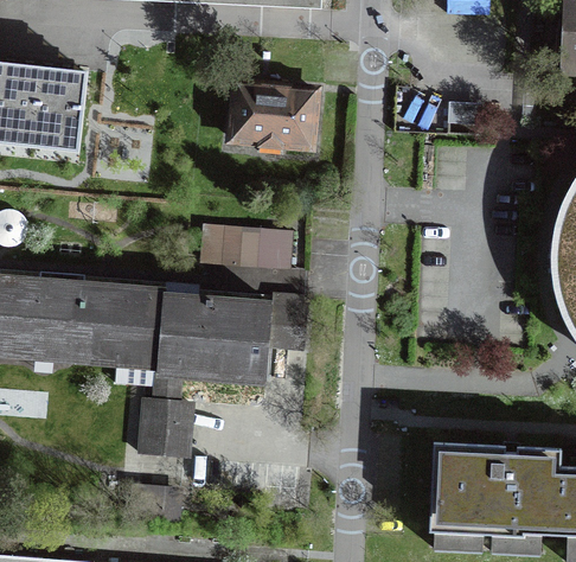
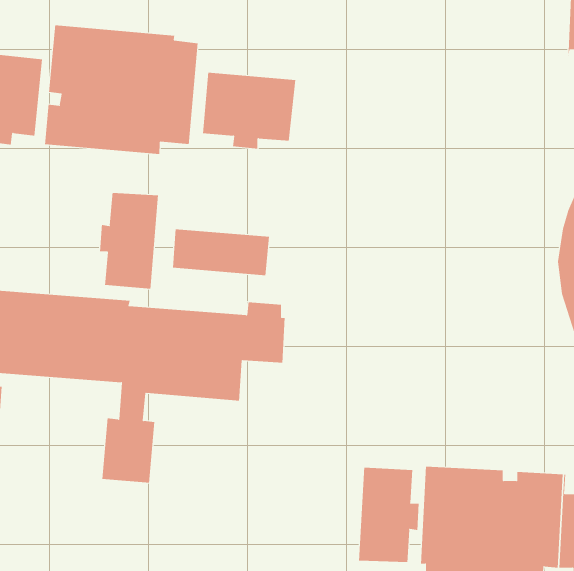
building: none -> [44,24,198,155]
building: none -> [100,192,159,290]
building: none -> [359,467,419,563]

